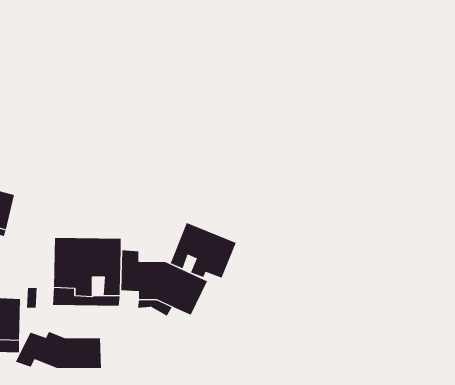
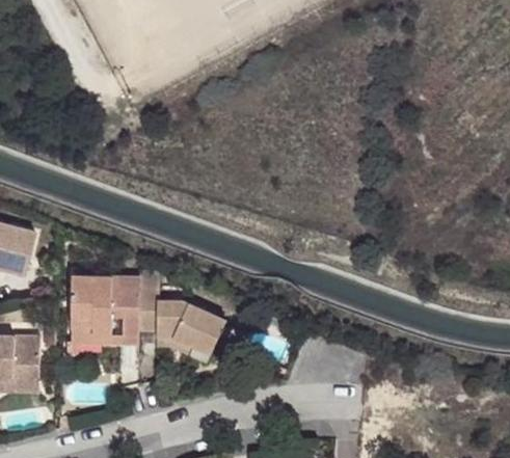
building: [170,222,236,279] -> none
building: [15,331,102,369] -> none

